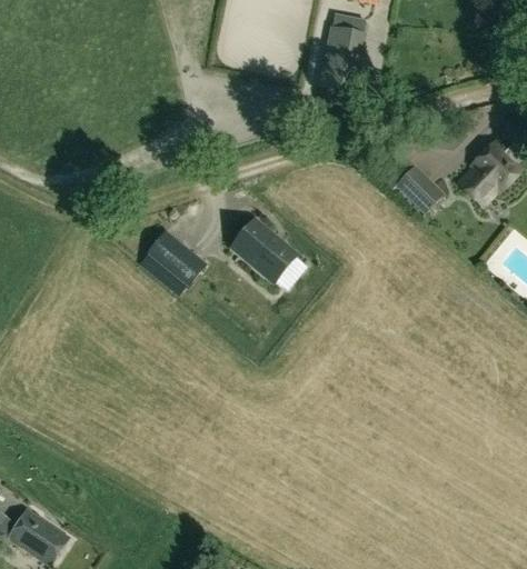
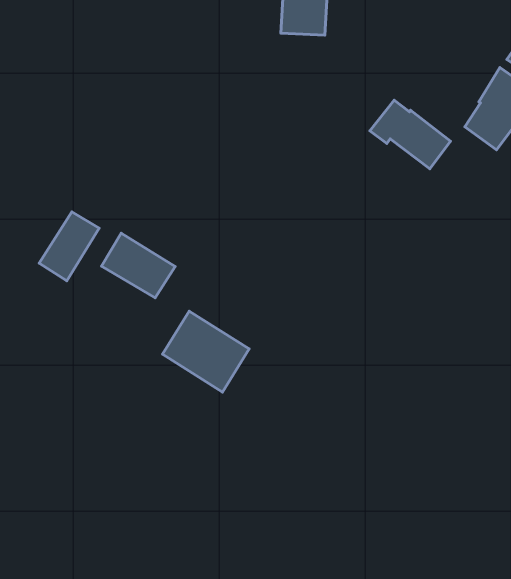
building: none -> [39,212,99,281]
building: [229,213,300,283] -> [163,311,249,392]

